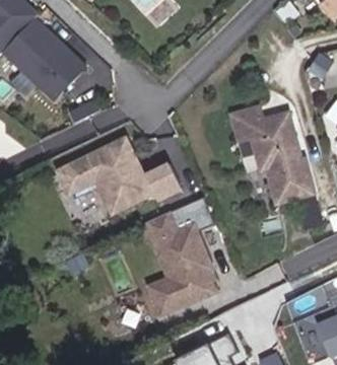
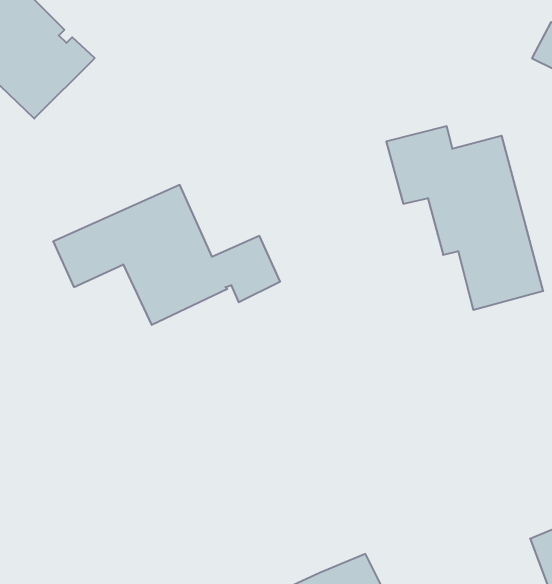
building: [142,197,212,315] -> none

